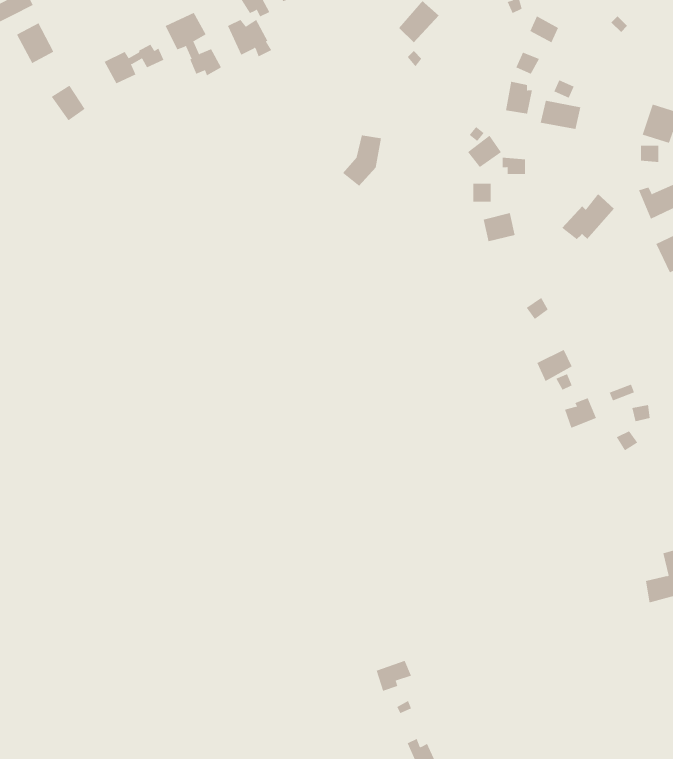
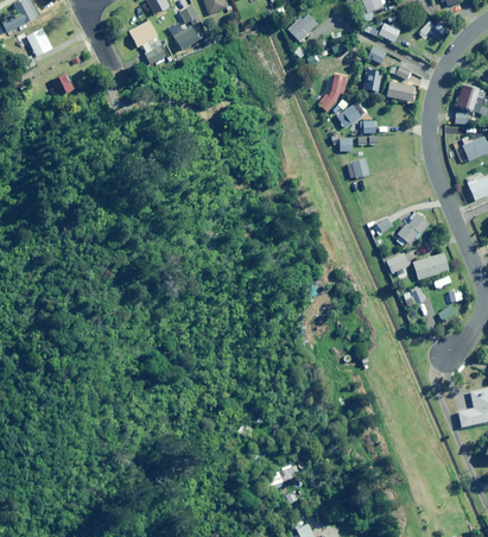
building: [104,44,164,84] -> none
building: [342,135,382,187] -> [315,75,342,110]
building: [561,193,615,240] -> [392,213,429,245]
building: none -> [412,253,448,279]

